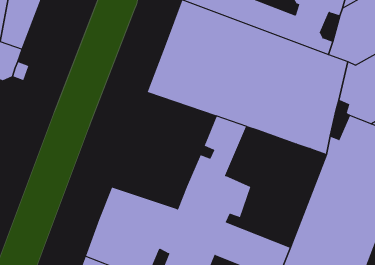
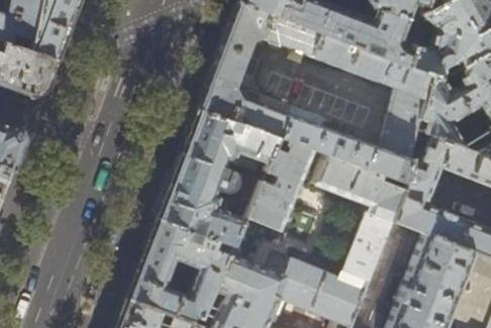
building: none -> [161,109,281,243]
building: none -> [311,152,408,282]

